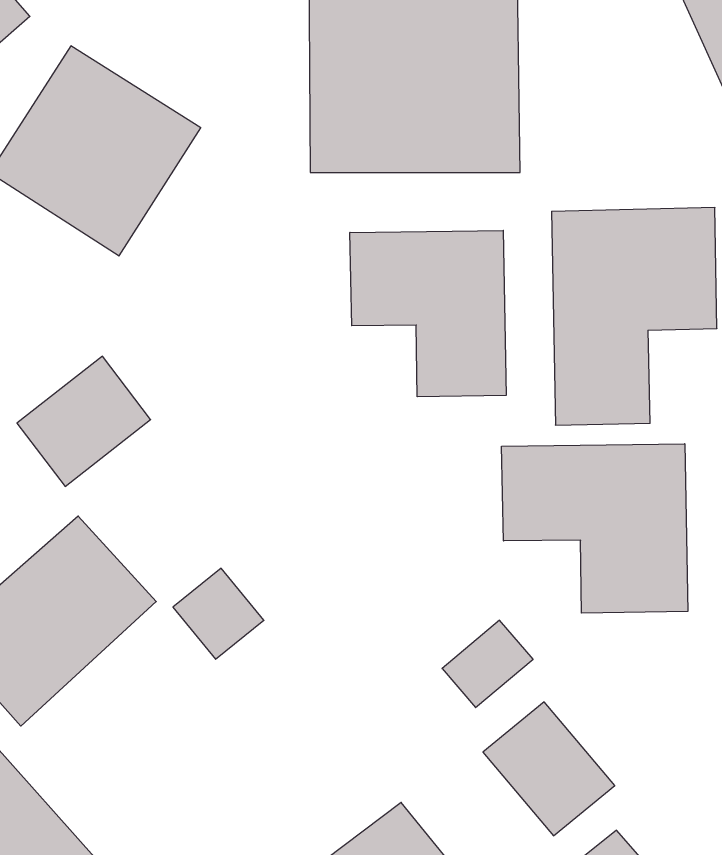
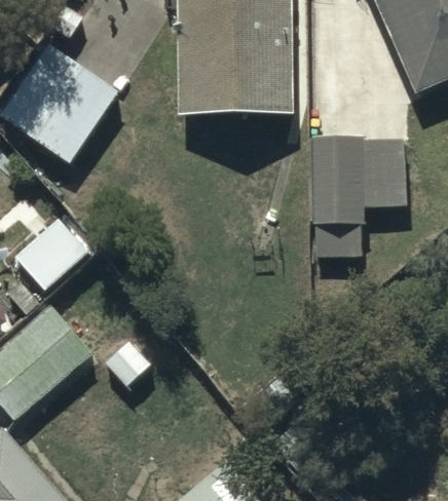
building: [350,230,506,397] -> none
building: [502,444,688,613] -> none

